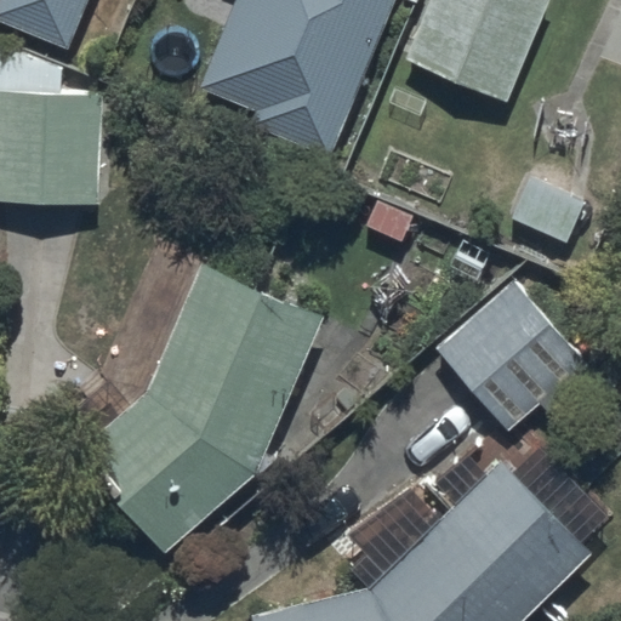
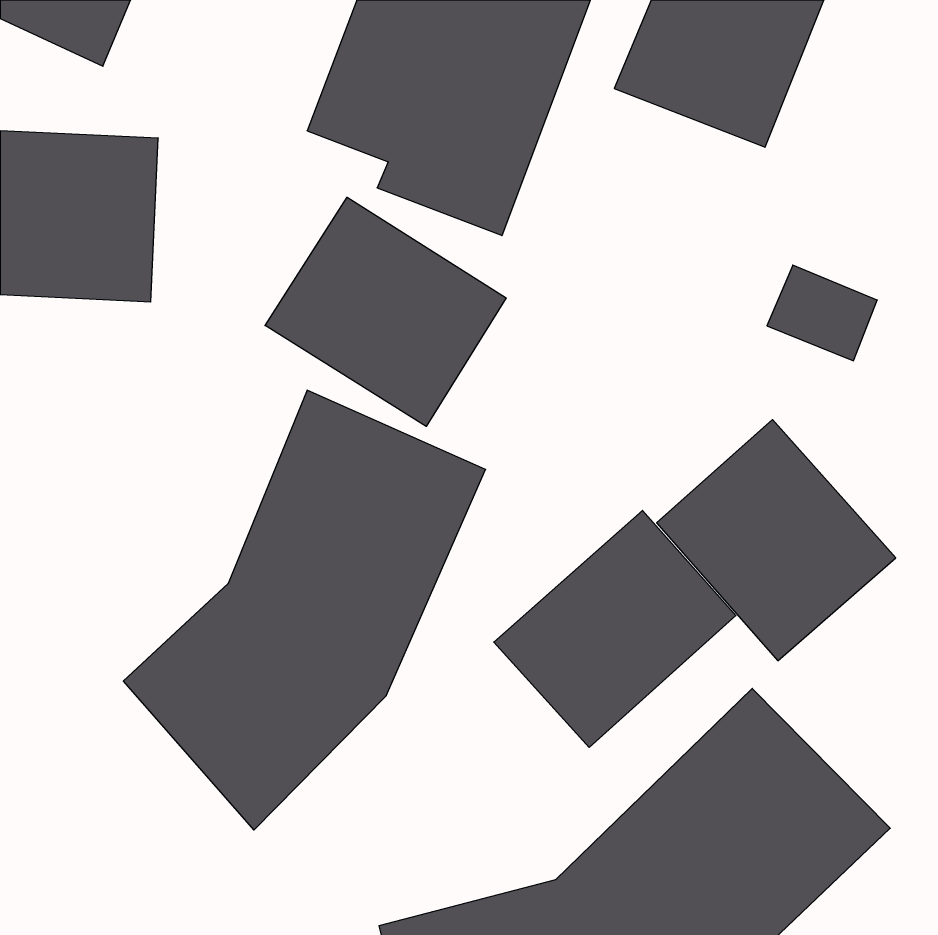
building: none -> [265,197,506,426]
building: none -> [494,510,736,747]

